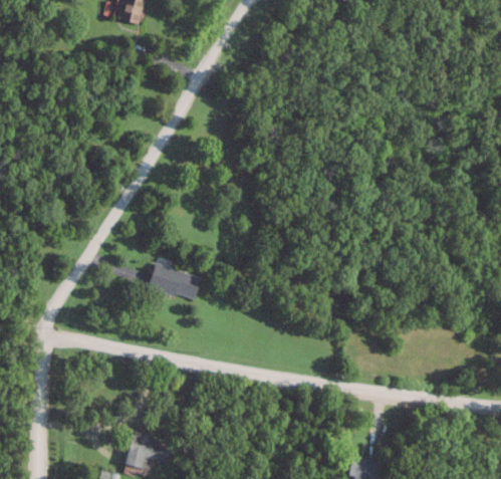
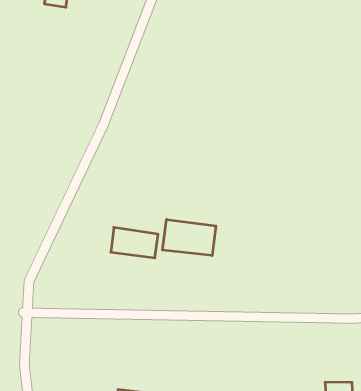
building: none -> [162,219,216,256]

